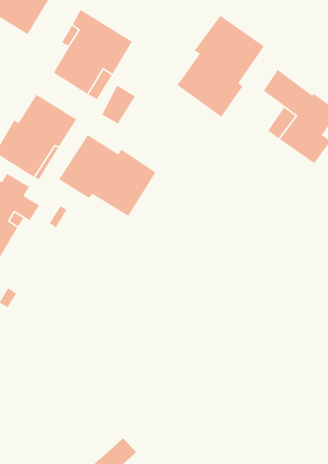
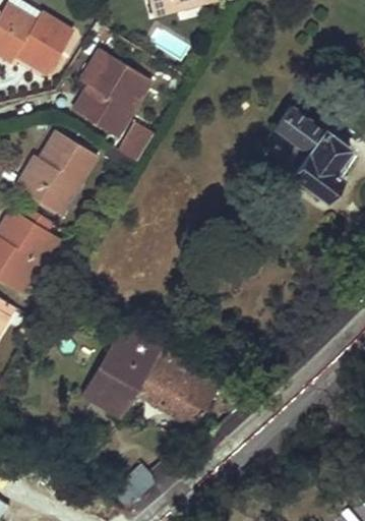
building: [176,15,265,118] -> none
building: [58,134,156,217] -> none
building: none -> [90,330,220,426]

